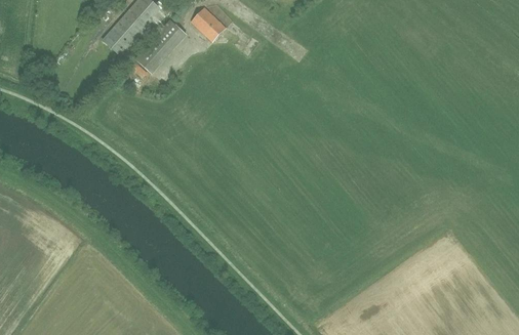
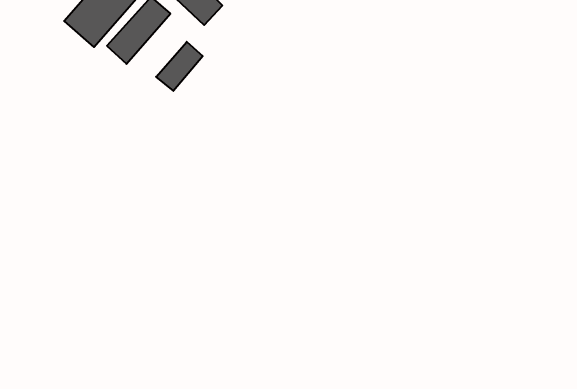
building: none -> [156,42,203,91]

